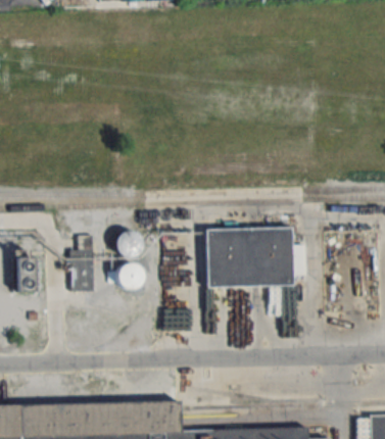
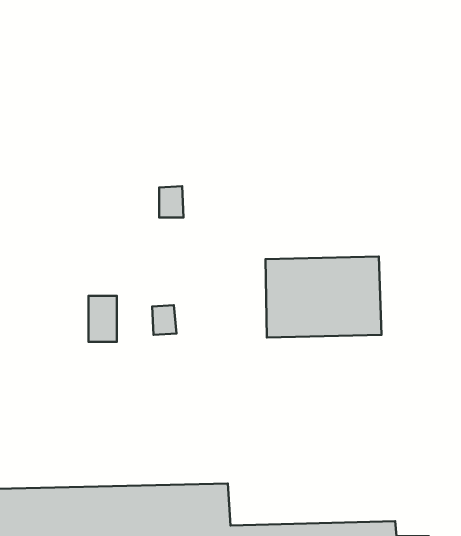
building: [119,232,138,255] -> [159,186,183,217]
building: [16,249,36,292] -> none

